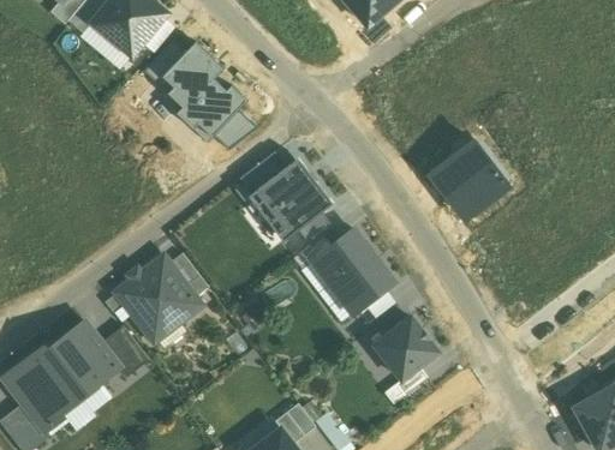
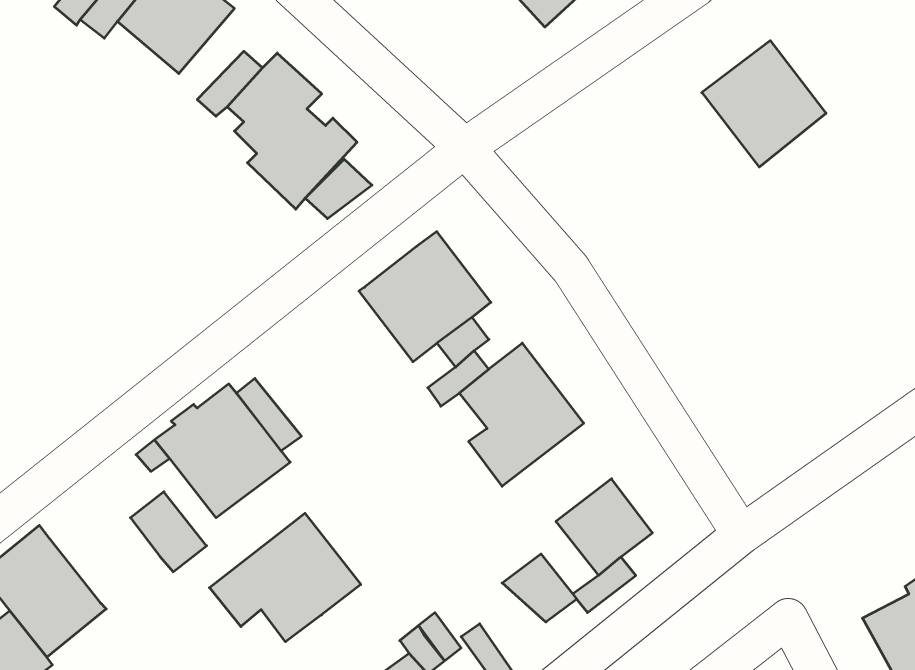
building: [428,139,508,221] -> [702,41,826,167]
building: [239,151,285,193] -> none
building: [44,322,119,397] -> none
building: none -> [209,513,361,642]
building: none -> [502,554,577,622]

